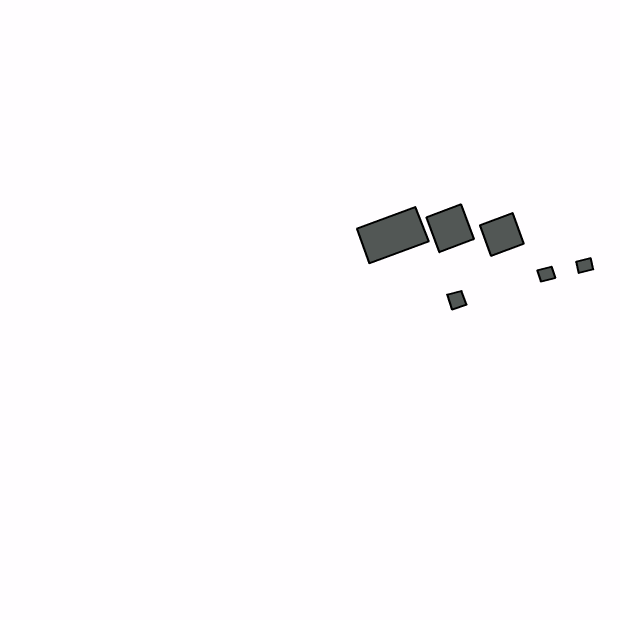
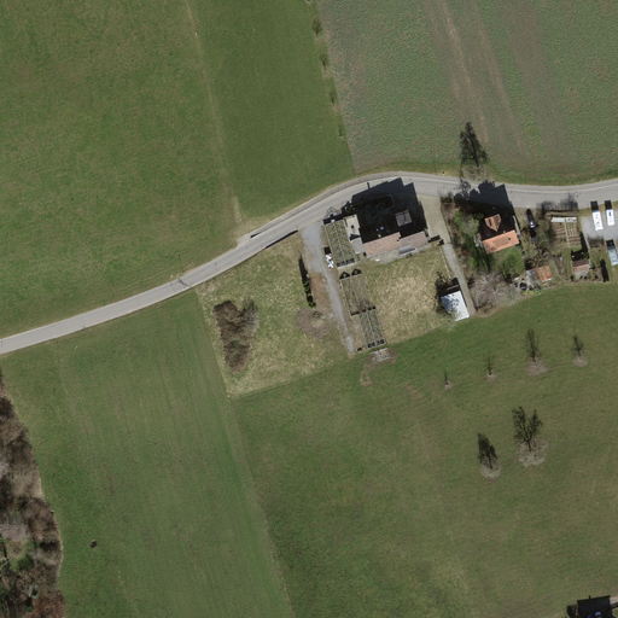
building: [427,204,474,252] -> none

